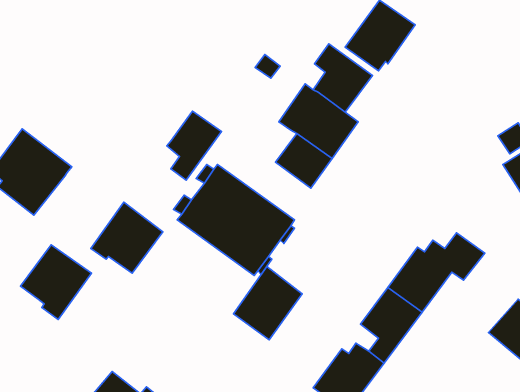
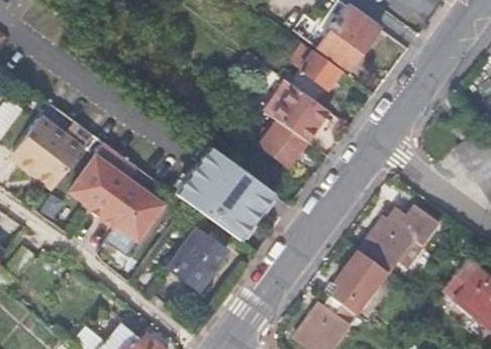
building: [167,111,221,180] -> none
building: [20,245,91,319] -> [70,154,130,218]
building: [234,267,302,340] -> [168,228,226,290]

